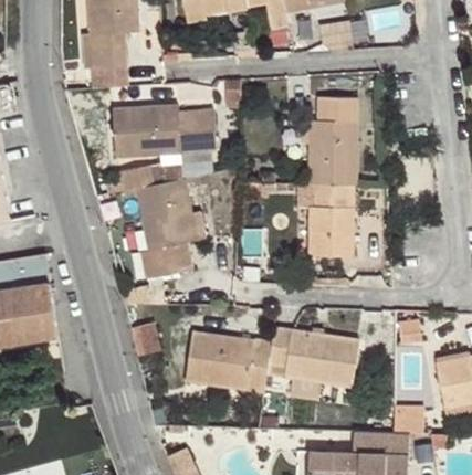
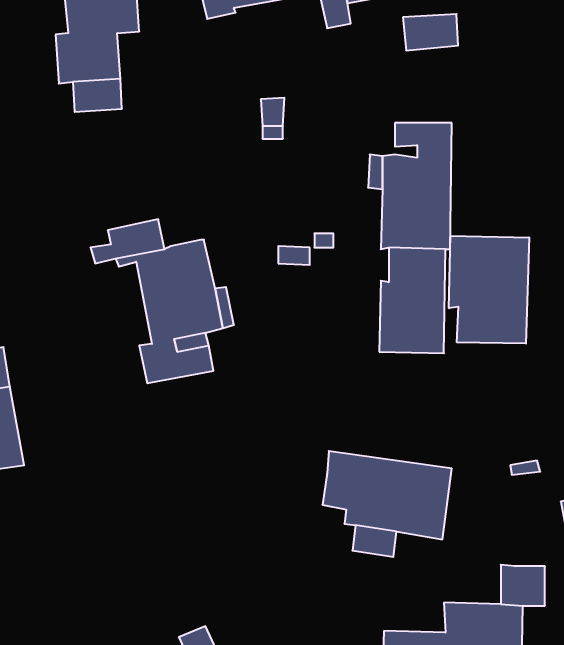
building: [113,104,211,182] -> none
building: none -> [449,236,529,344]
building: [185,330,271,392] -> none

